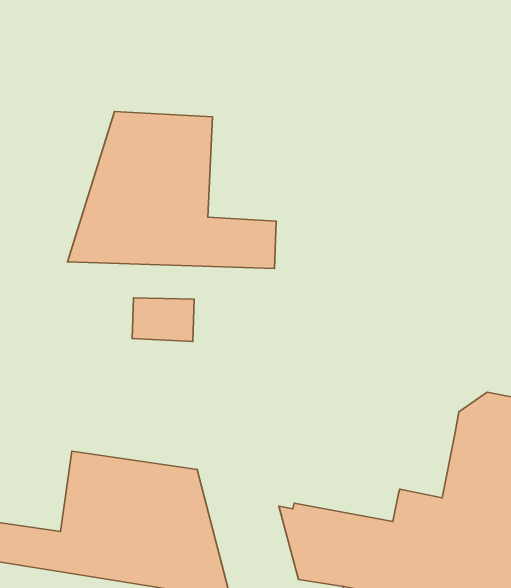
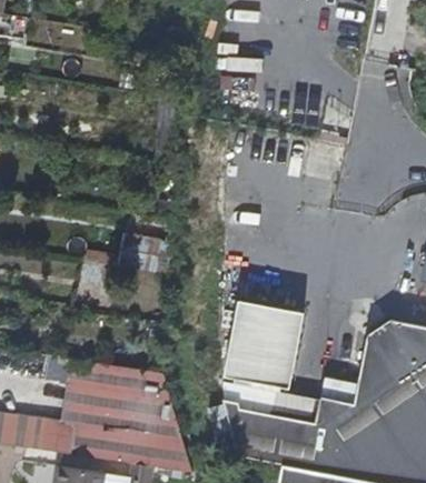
building: [68,111,276,269] -> none
building: none -> [225,289,325,414]

